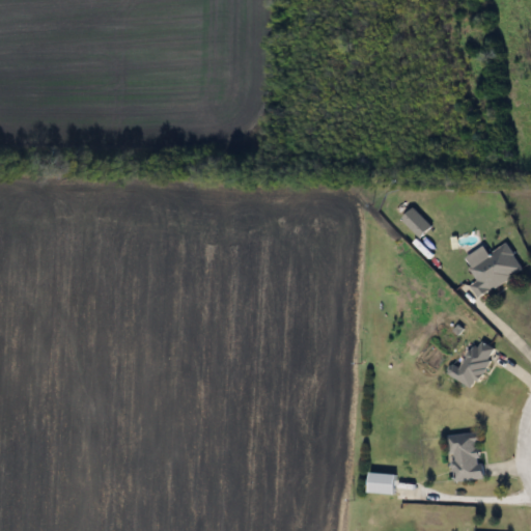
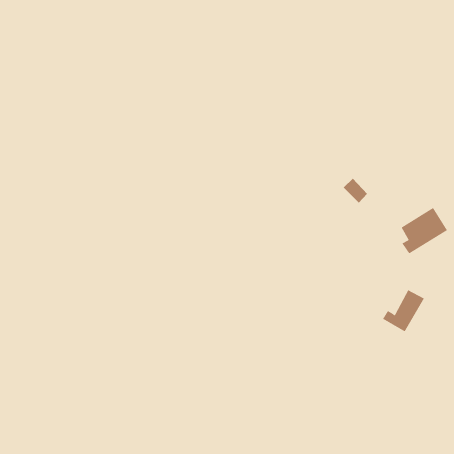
building: [447,430,483,481] -> none
building: [369,473,395,493] -> none

